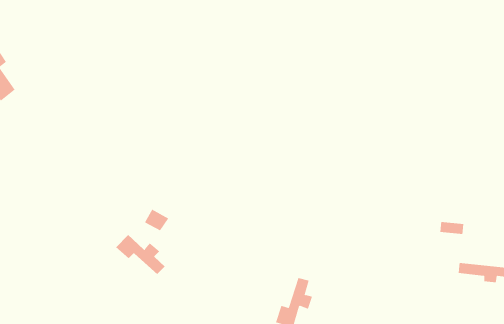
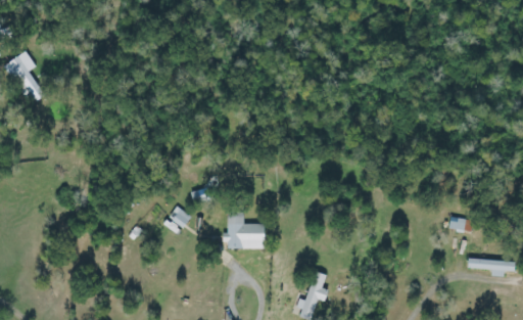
building: none -> [226,212,264,249]
building: [115,234,166,275] -> none

